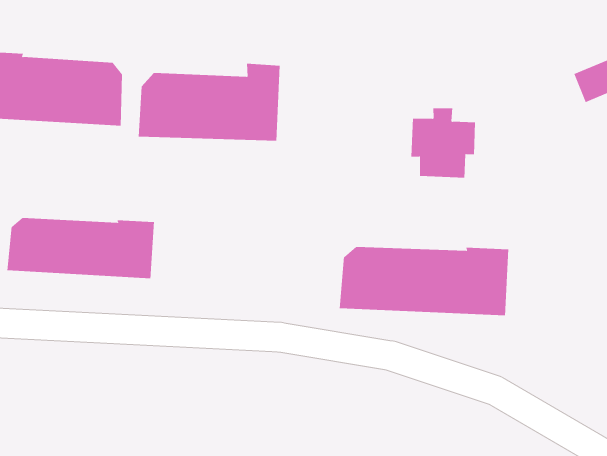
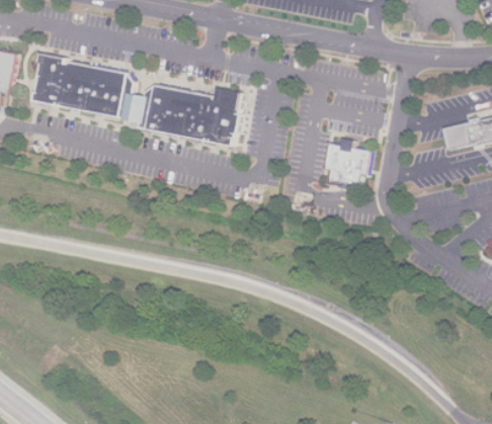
building: [7,217,154,279] -> none
building: [339,246,509,316] -> none

